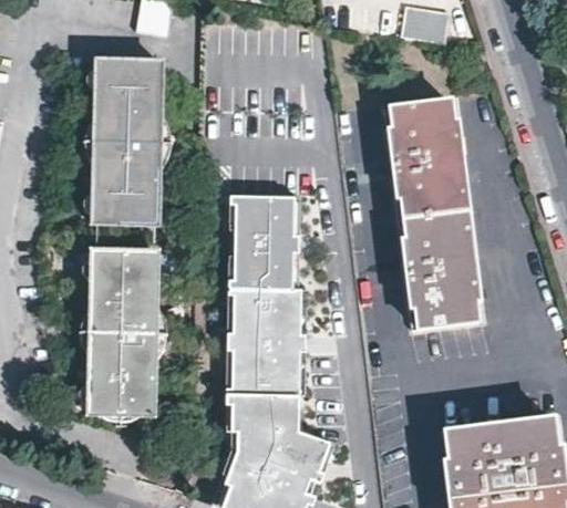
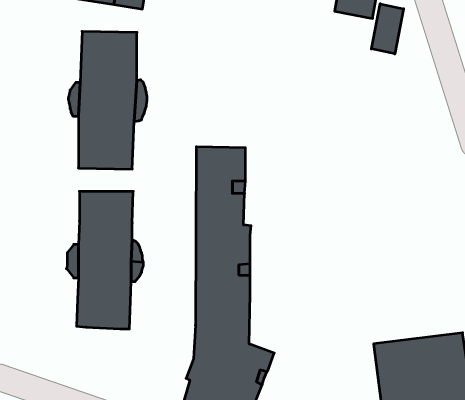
building: none -> [371,4,404,54]
building: [385,101,478,330] -> none

